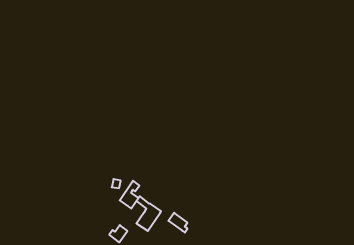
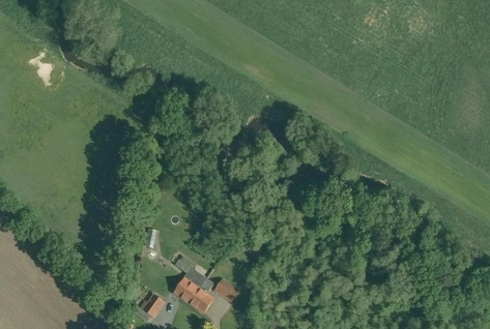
building: [120,181,139,209] -> [190,277,214,312]

